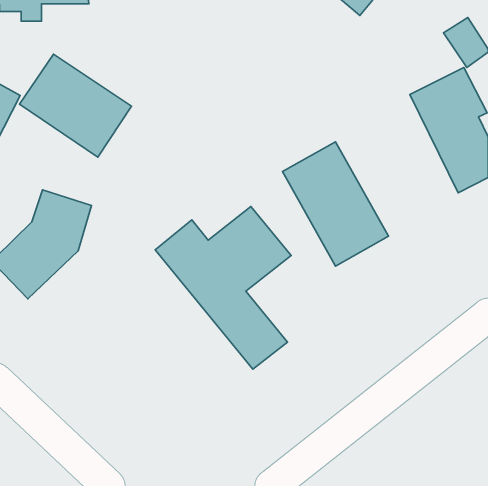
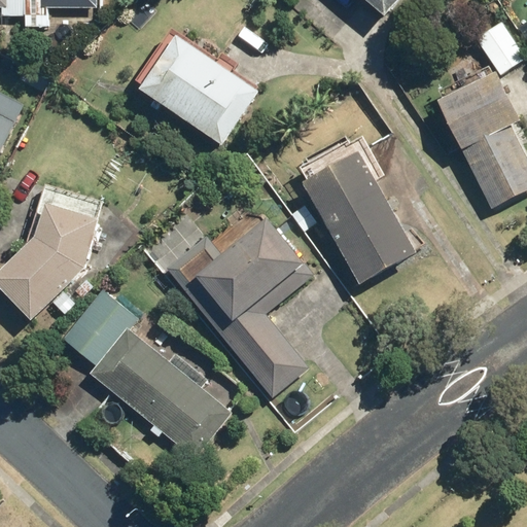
building: [20,54,132,157] -> [139,36,258,146]
building: none -> [61,287,230,455]

